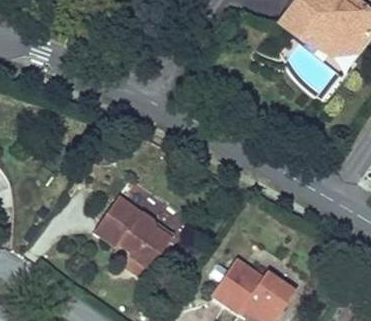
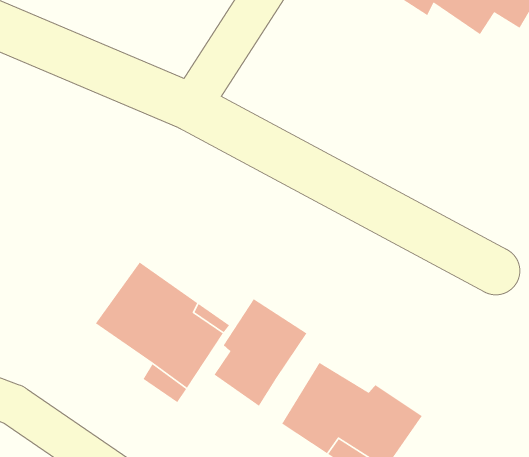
building: none -> [213,298,307,407]

